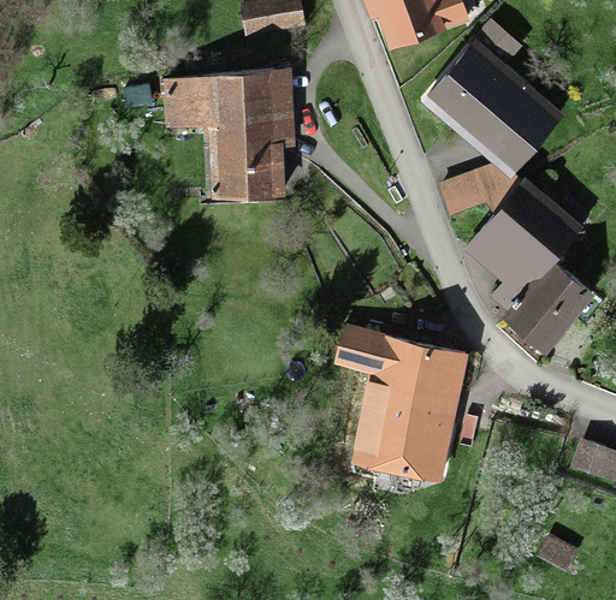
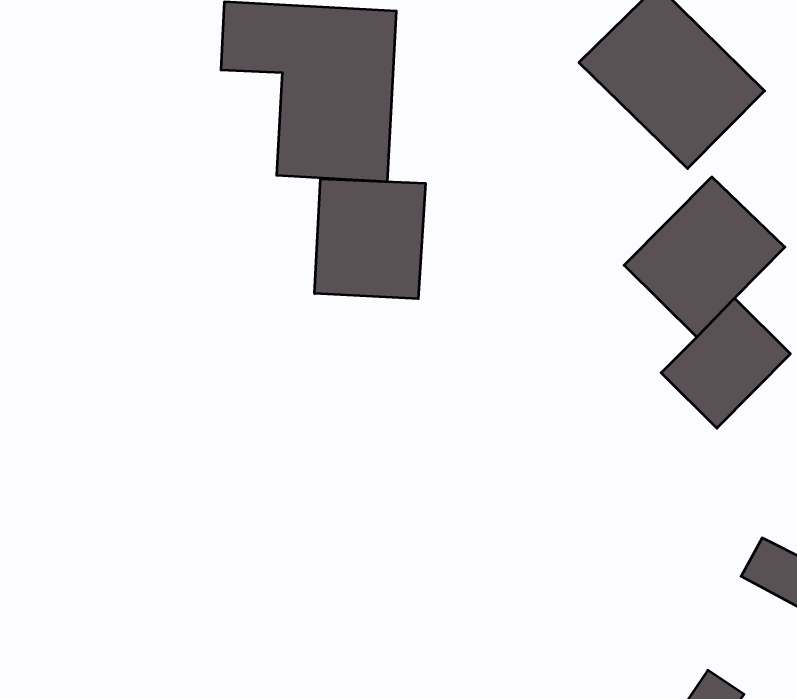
building: [442,166,503,212] -> none
building: none -> [315,179,425,299]
building: [336,327,470,481] -> none

